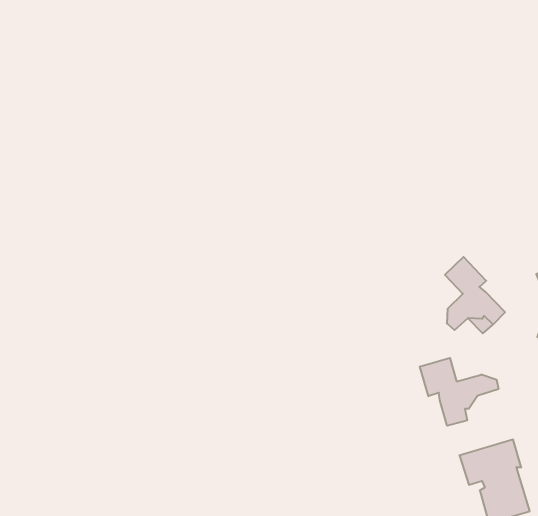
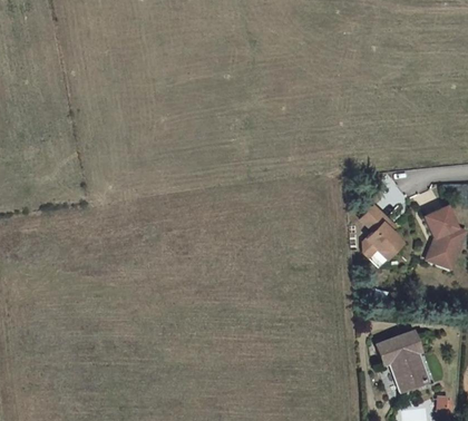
building: [420,358,498,426] -> none

